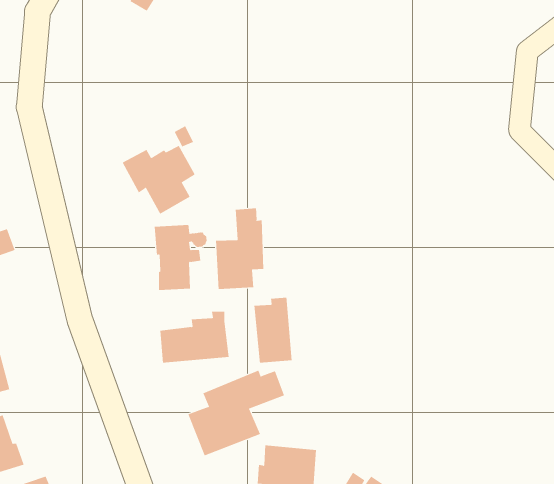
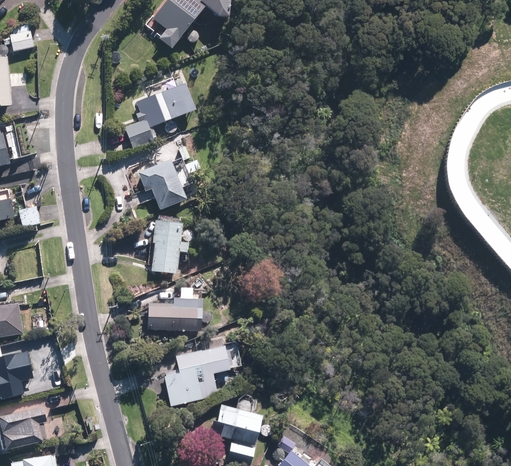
building: none -> [124,81,195,148]
building: [215,208,264,290] -> none
building: [254,297,292,364] -> none

